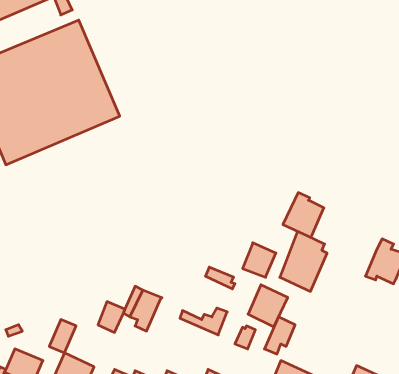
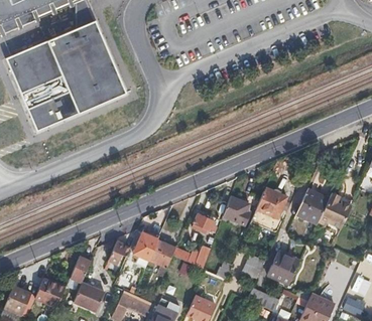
building: [283,193,324,237] -> [296,188,329,223]
building: [248,285,288,327] -> [269,251,300,284]
building: none -> [150,239,176,266]

